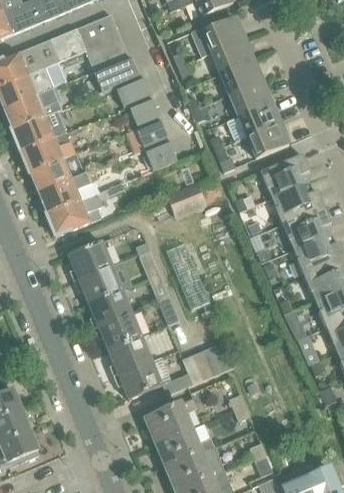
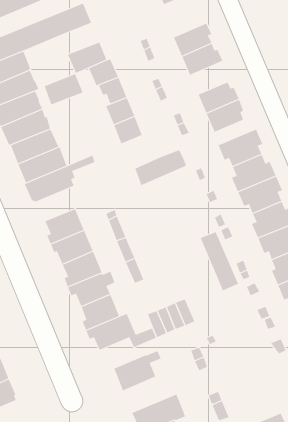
building: [201,16,247,52] -> none
building: [85,36,129,71] -> [44,74,84,105]
building: [228,78,270,115] -> none
building: [166,243,209,309] -> [200,231,239,291]
building: [154,427,214,467] -> none

